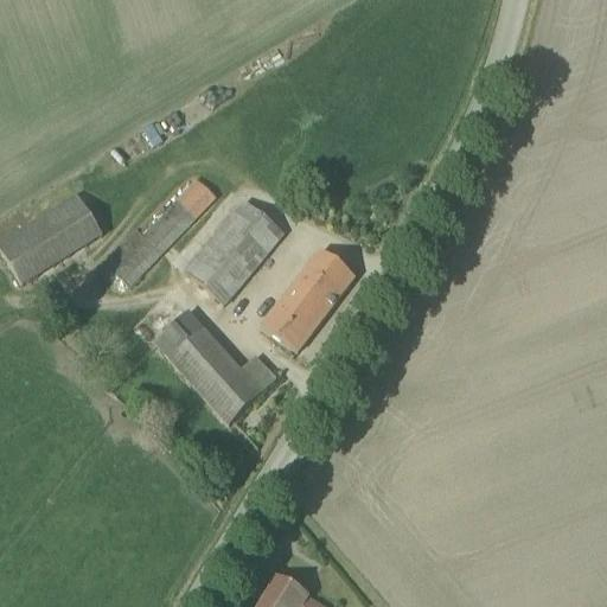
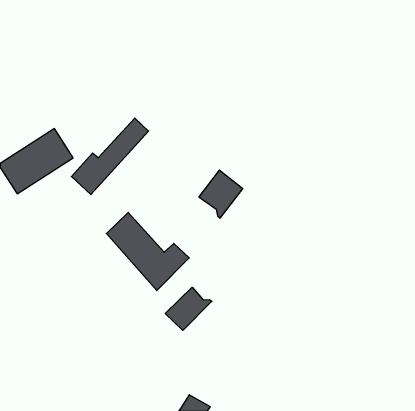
building: [187,200,285,302] -> none
building: [262,287,321,350] -> none
building: none -> [165,287,212,330]

